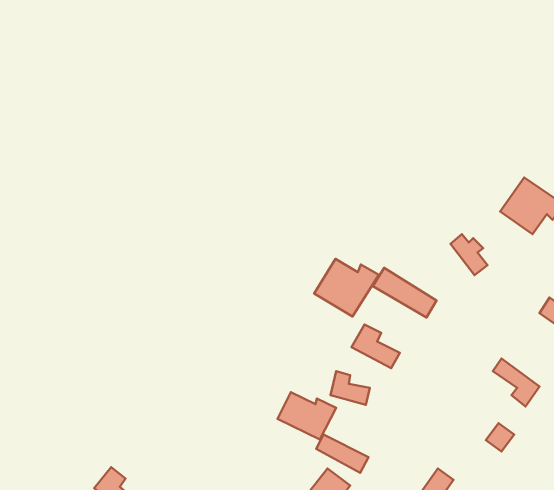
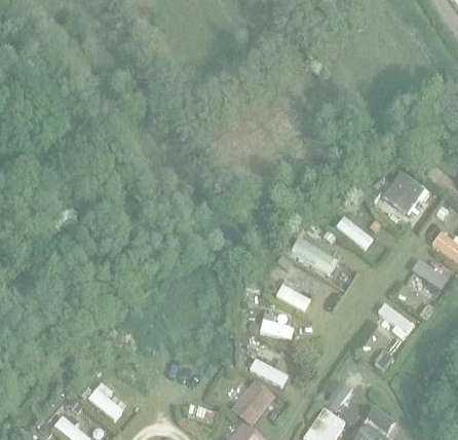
building: [314,259,379,316] -> none
building: [278,392,336,440] -> none

